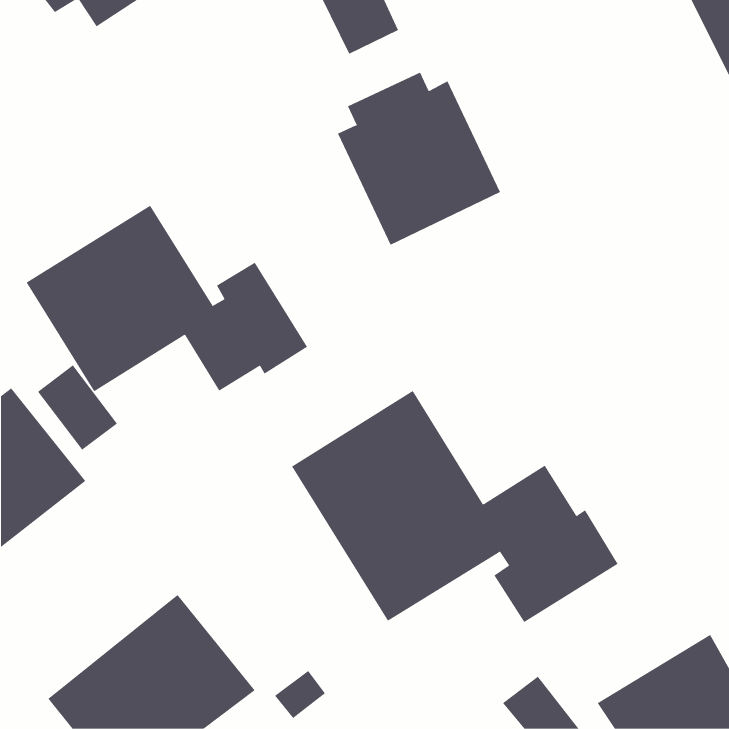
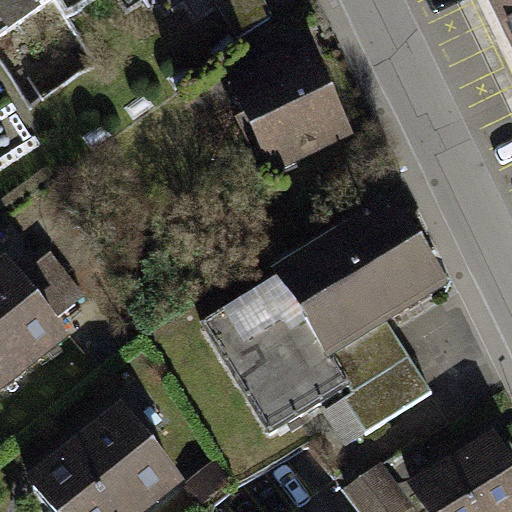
building: [26,205,308,392] -> none
building: none -> [291,206,447,351]

